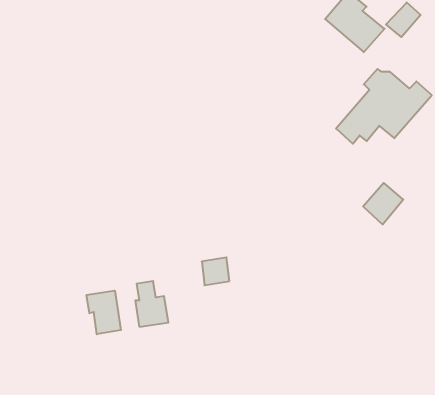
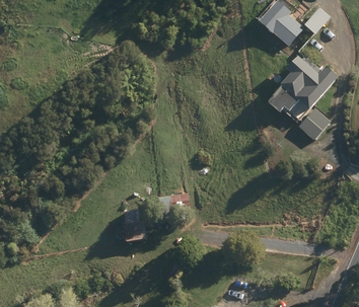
building: [363,183,403,224] -> [299,109,329,140]
building: [87,291,121,334] -> none

